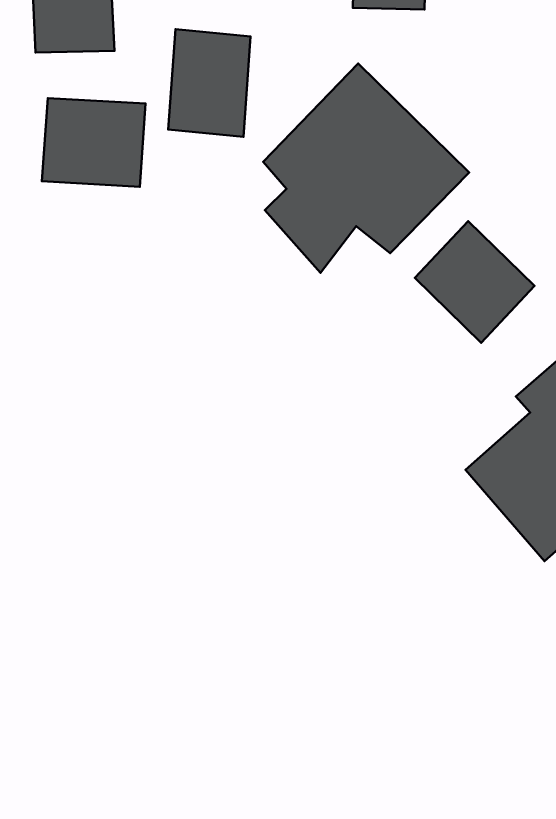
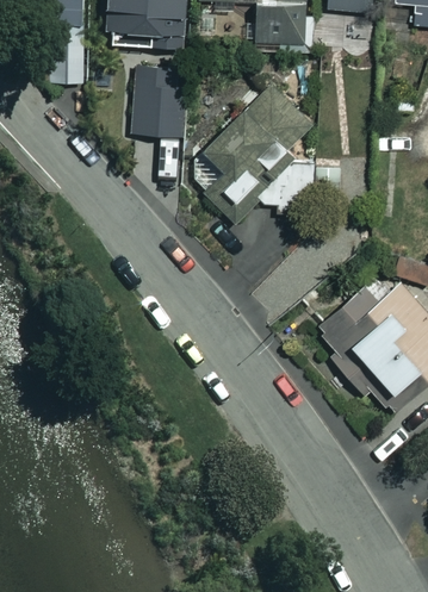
building: [42,98,146,187] -> none
building: [415,221,534,343] -> none

